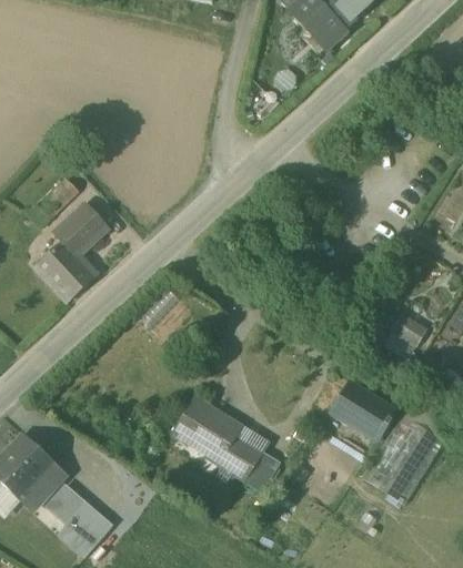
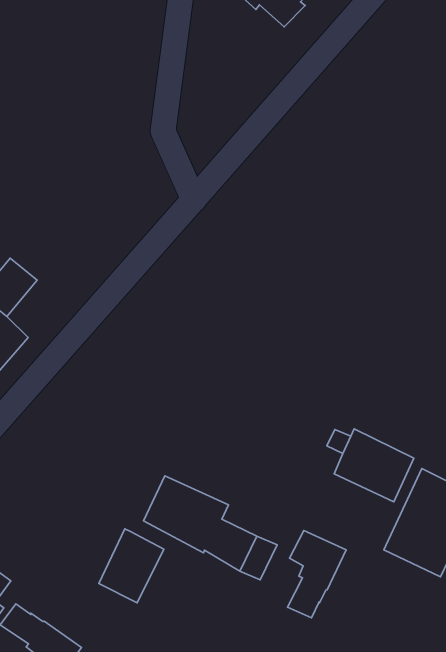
building: [384,311,423,353] -> none
building: none -> [99,529,164,603]
building: none -> [288,531,346,618]

